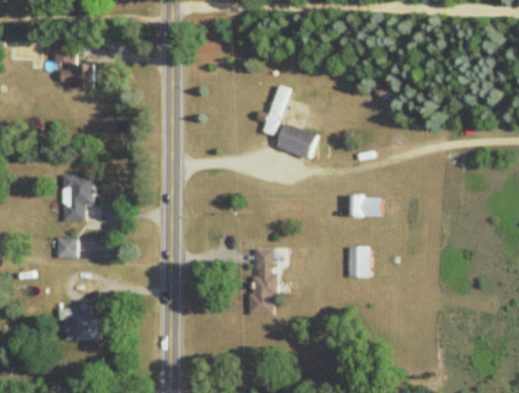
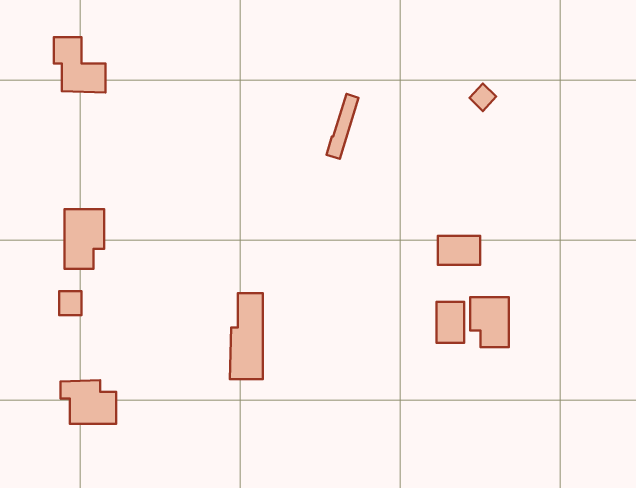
building: [277,124,317,159] -> none
building: none -> [470,297,509,347]
building: [250,249,276,315] -> [230,293,263,379]

